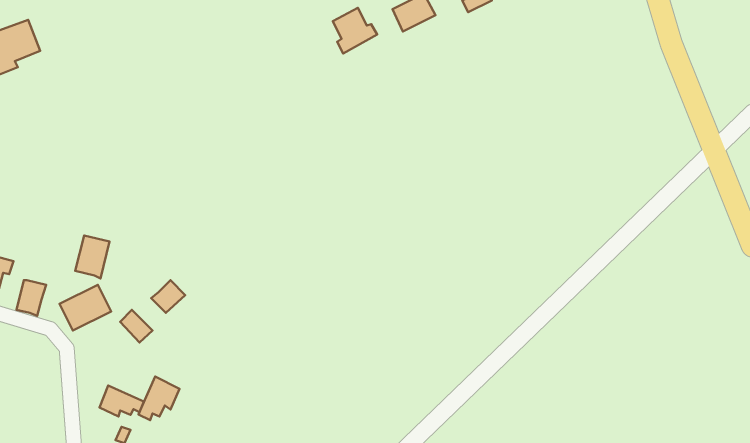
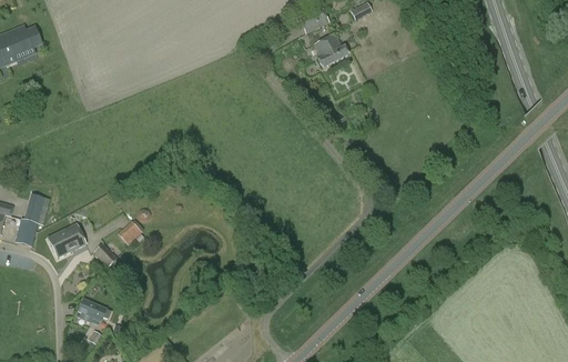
building: [333,8,377,54] -> [315,33,348,68]
building: [75,235,109,278] -> [23,193,49,225]
building: [138,377,180,420] -> none

